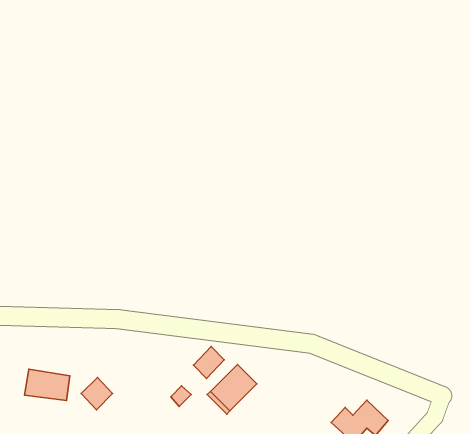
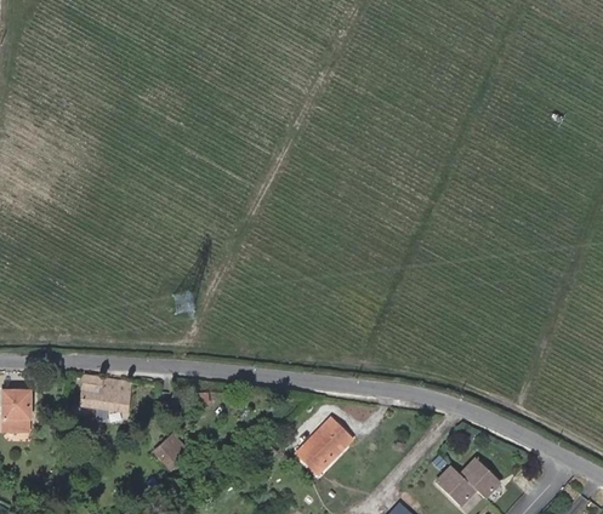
building: [193,347,224,378] -> none
building: [24,369,70,401] -> [79,376,130,411]

